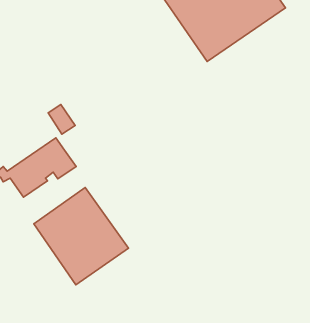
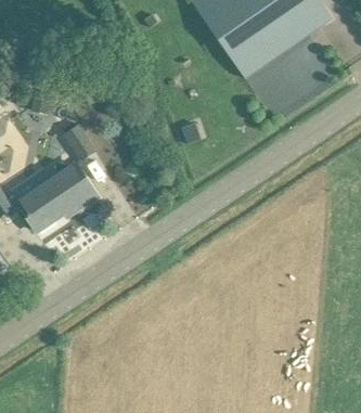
building: [34,187,129,285] -> none

